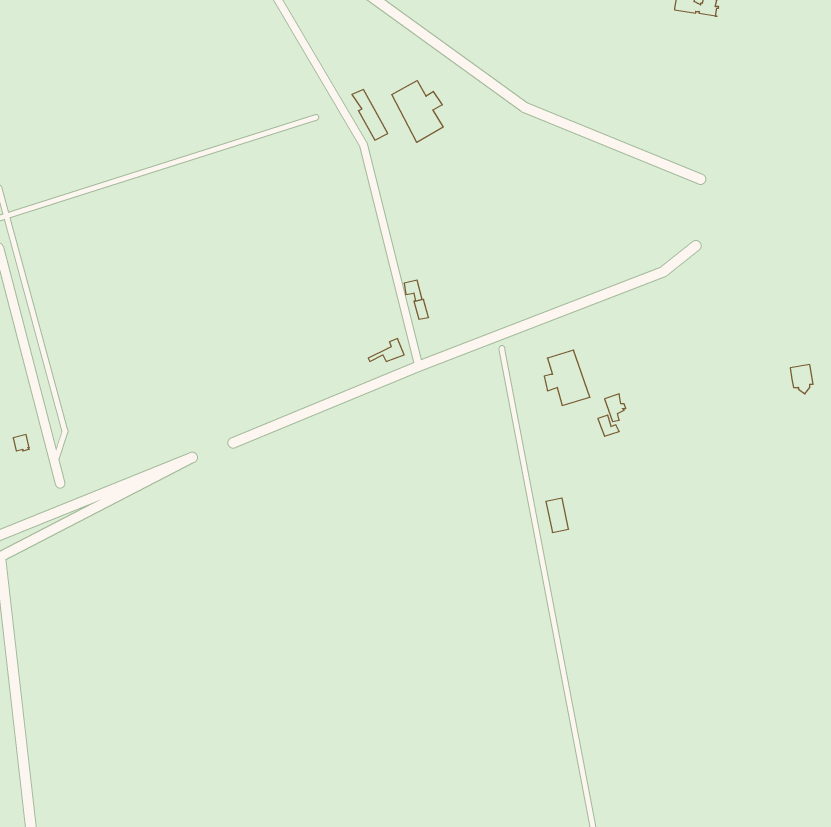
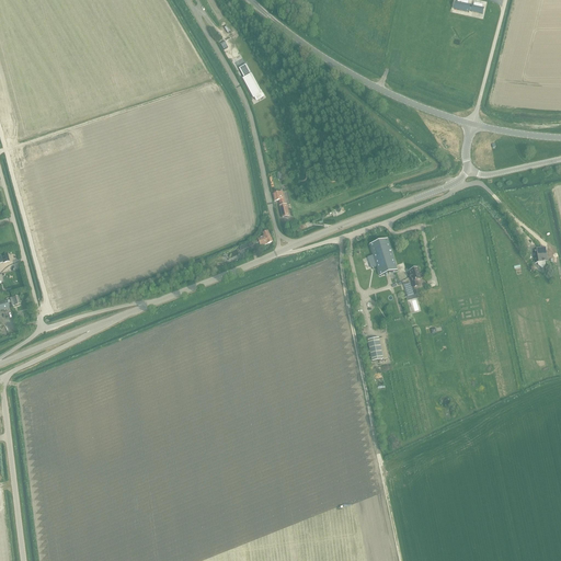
building: [392,81,443,142] -> none

